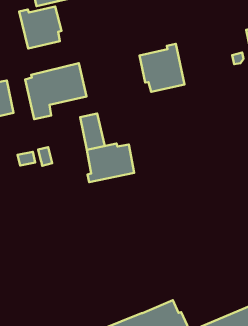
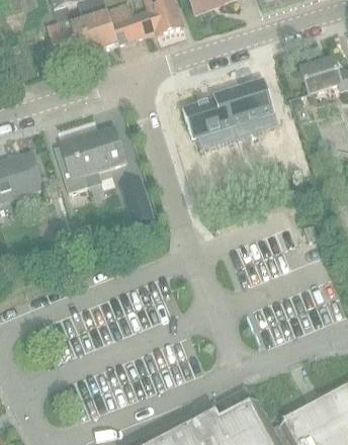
building: [19,6,61,48] -> none
building: none -> [224,81,279,140]
building: [87,144,134,182] -> none

